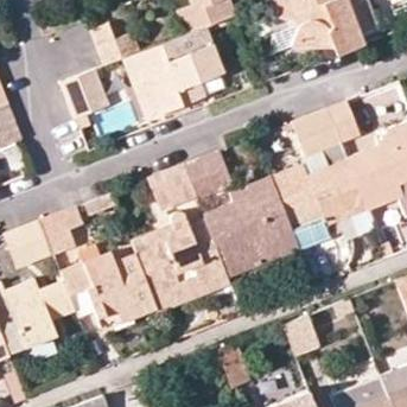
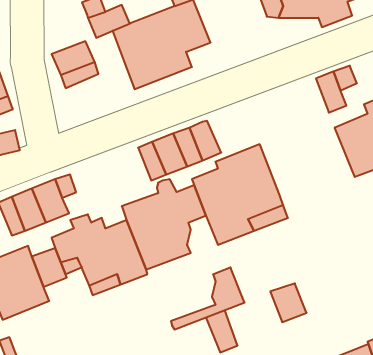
building: [295,108,342,154] -> none
building: [272,158,368,227] -> none
building: [157,247,231,310] -> [171,267,245,329]

